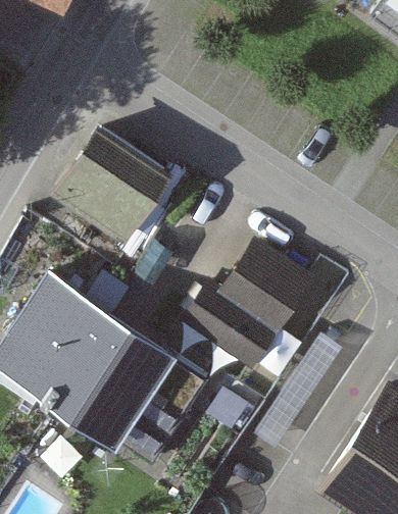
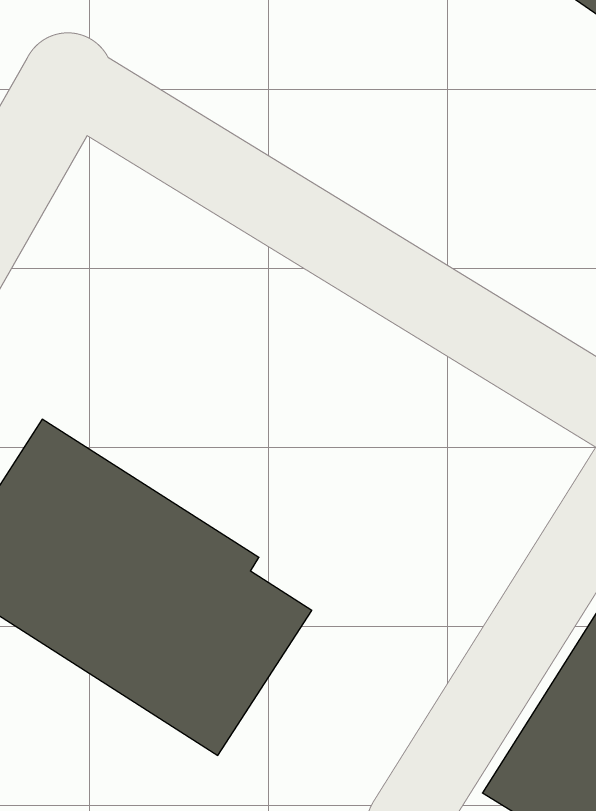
building: [53,126,175,245] -> none
building: [181,240,315,370] -> none

